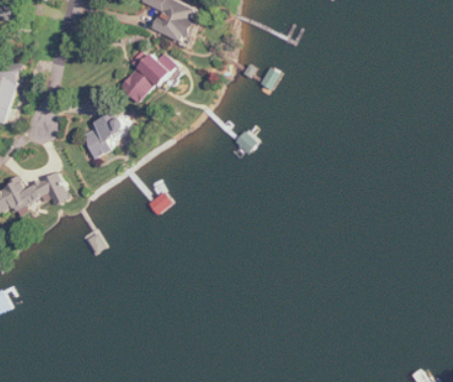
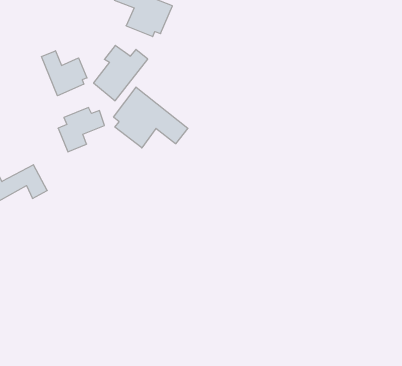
building: none -> [41,51,87,96]
building: none -> [114,87,188,148]

